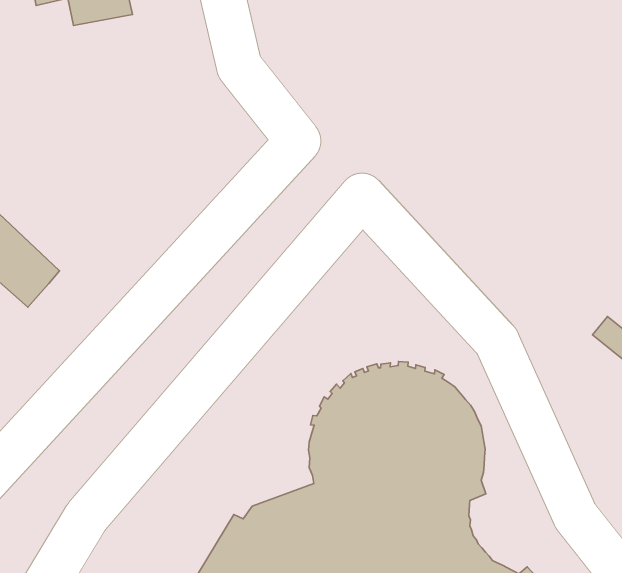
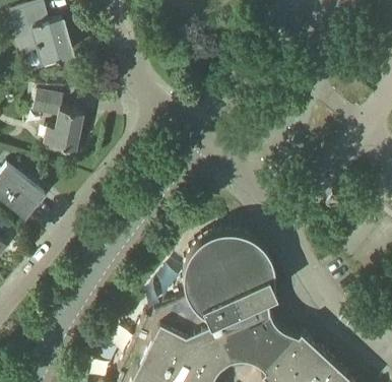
building: none -> [34,91,85,153]

